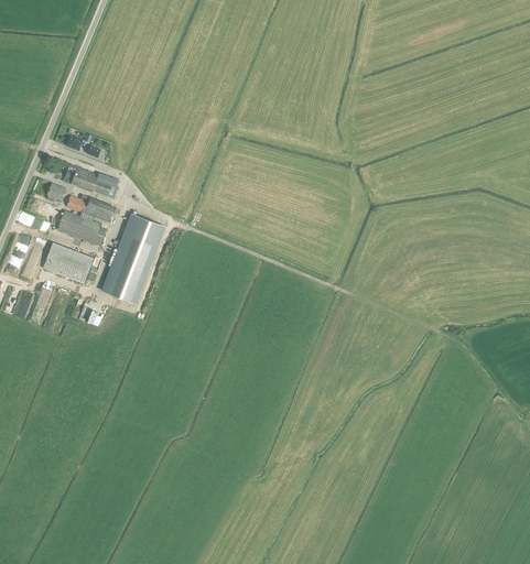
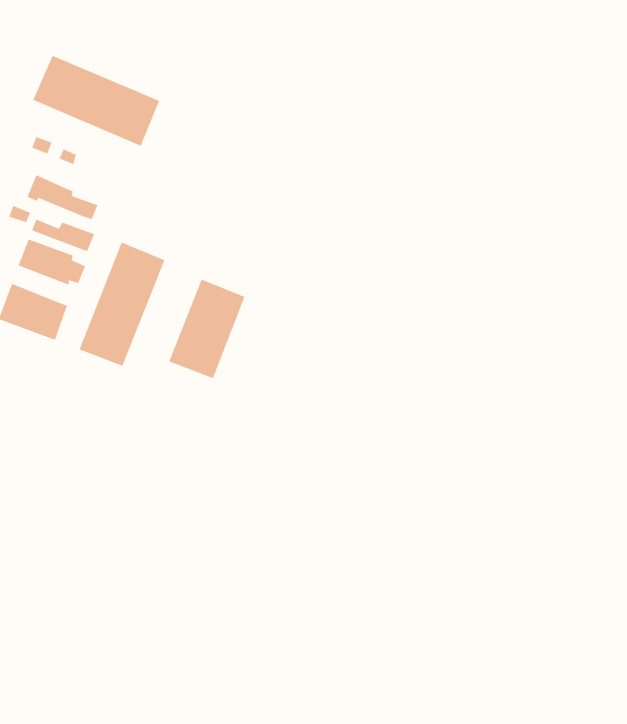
building: none -> [32,55,160,147]
building: none -> [168,278,246,379]

